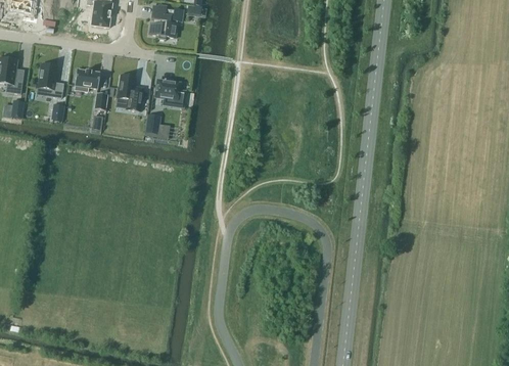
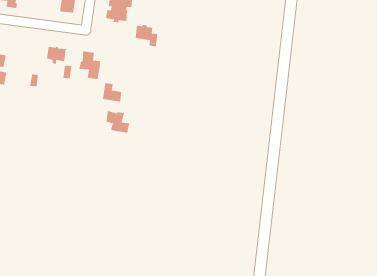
building: [38,64,63,98] -> none
building: [155,79,185,107] -> [135,24,158,47]
building: none -> [106,110,130,134]

